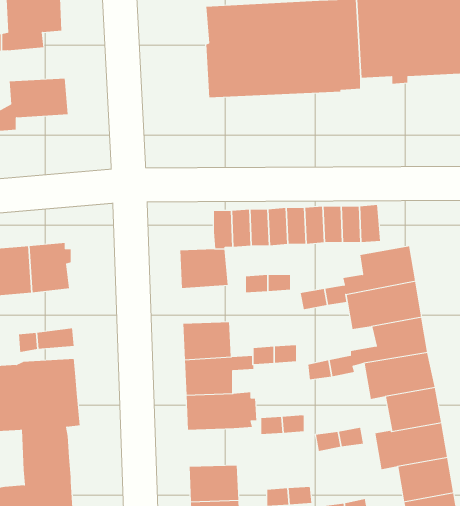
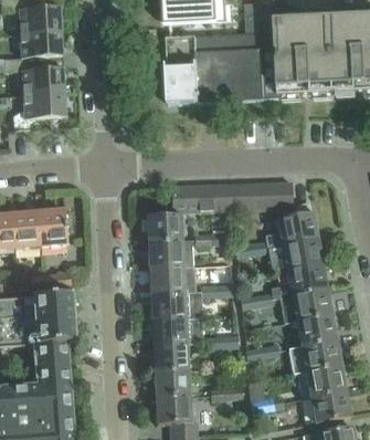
building: none -> [22,67,64,92]
building: none -> [148,239,192,268]
building: none -> [152,344,189,371]

